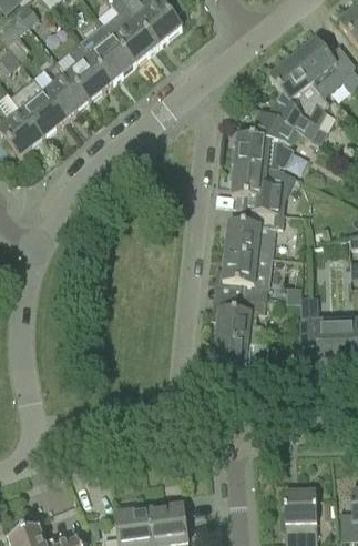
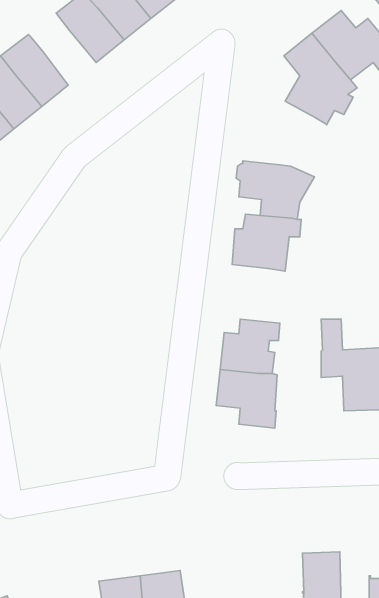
building: [68,40,113,100] -> none
building: [232,108,299,168] -> none
building: [223,250,270,299] -> none

